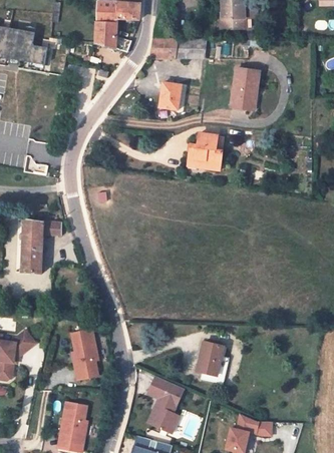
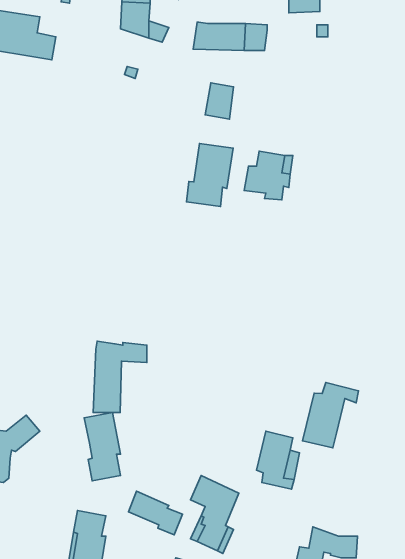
building: [230,68,259,109] -> none
building: none -> [187,144,233,206]
building: [21,220,61,274] -> [93,341,147,412]
building: none -> [303,383,359,448]
building: none -> [128,491,183,535]

